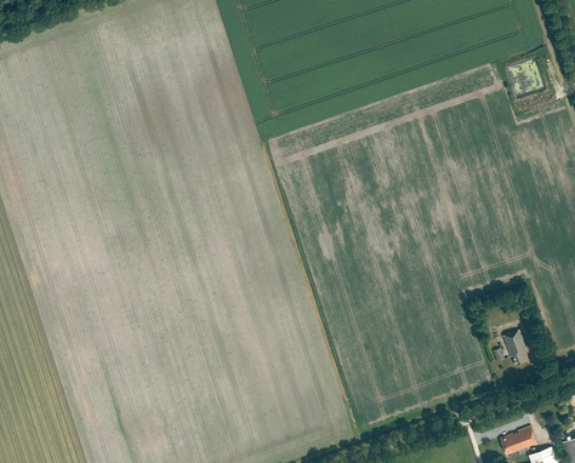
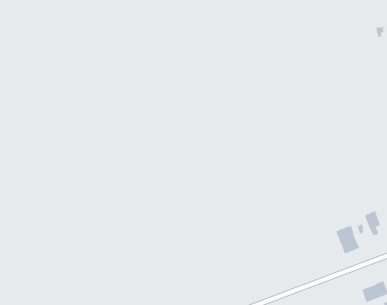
building: none -> [336,225,360,255]

